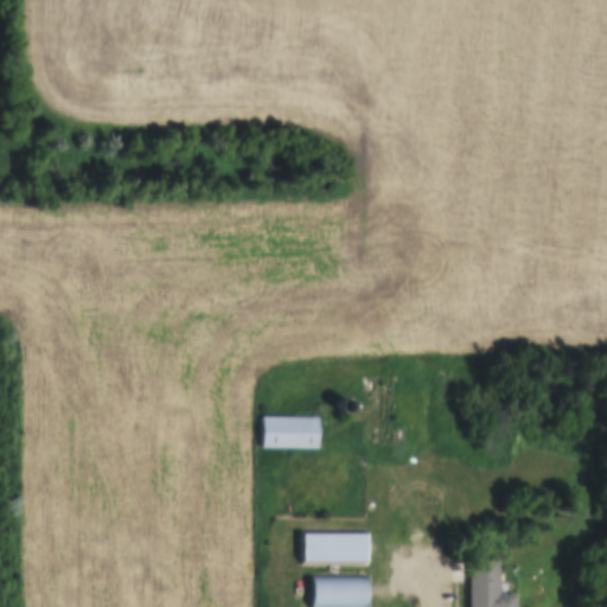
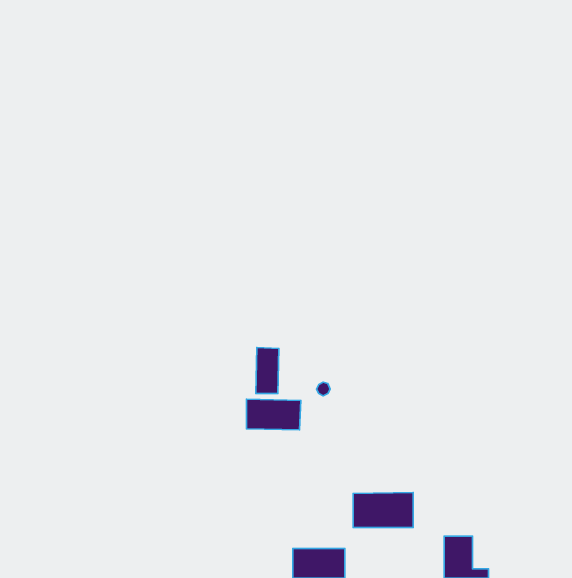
building: none -> [256,348,279,394]
building: [305,530,368,567] -> [353,492,413,527]

